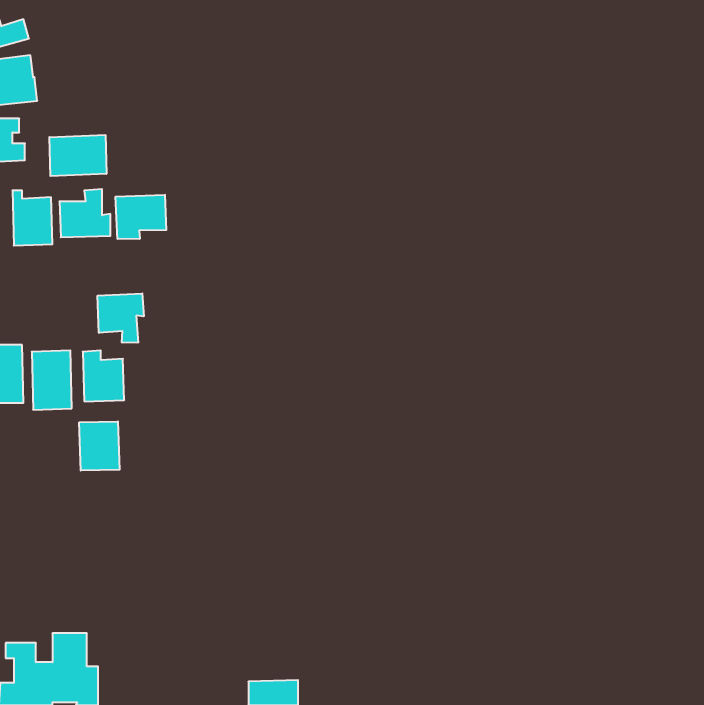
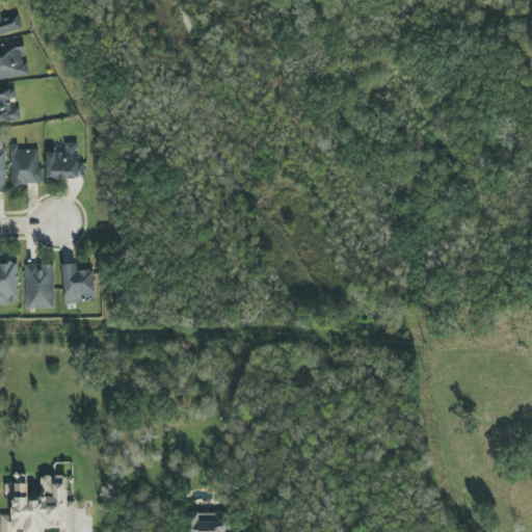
building: [49,135,106,176] -> none
building: [116,195,166,239] -> none
building: [98,293,144,343] -> none
building: [79,421,120,471] -> none

